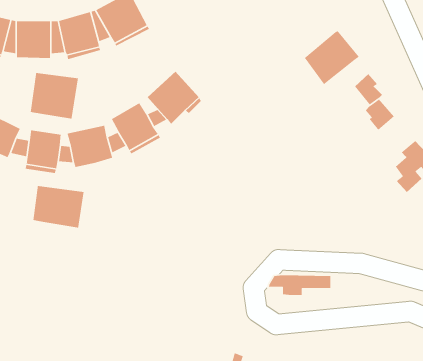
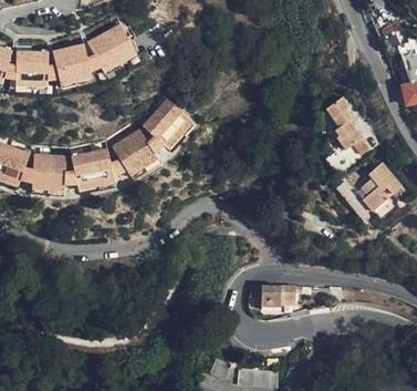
building: [304,30,360,85] -> none
building: [30,72,79,120] -> none
building: [32,185,85,228] -> none

